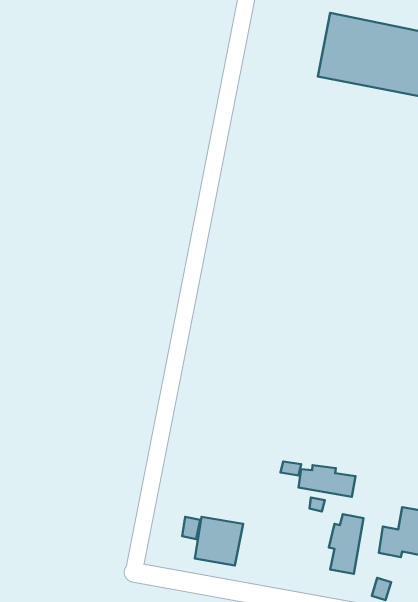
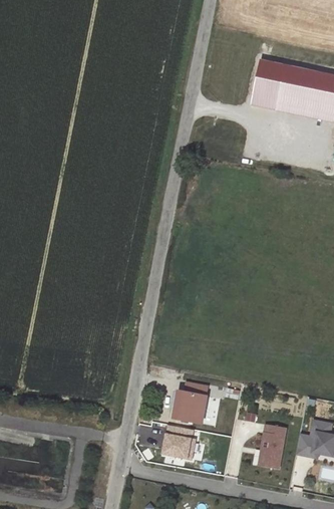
building: [298,465,355,497] -> none
building: none -> [179,390,207,421]

